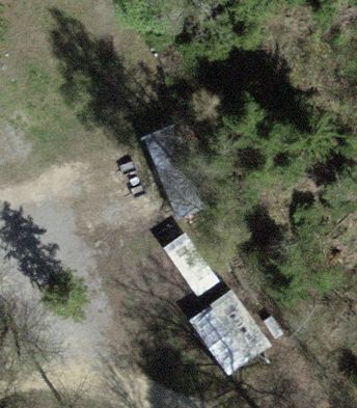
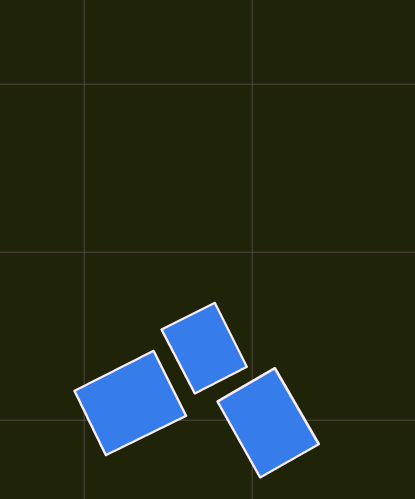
building: none -> [74,351,186,455]

